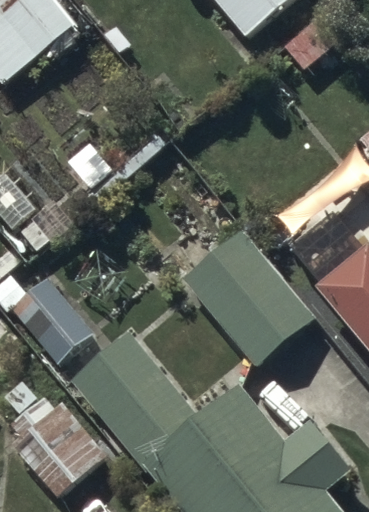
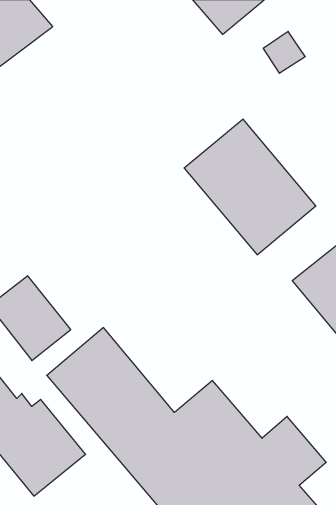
building: [183,229,315,365] -> [184,119,316,255]

